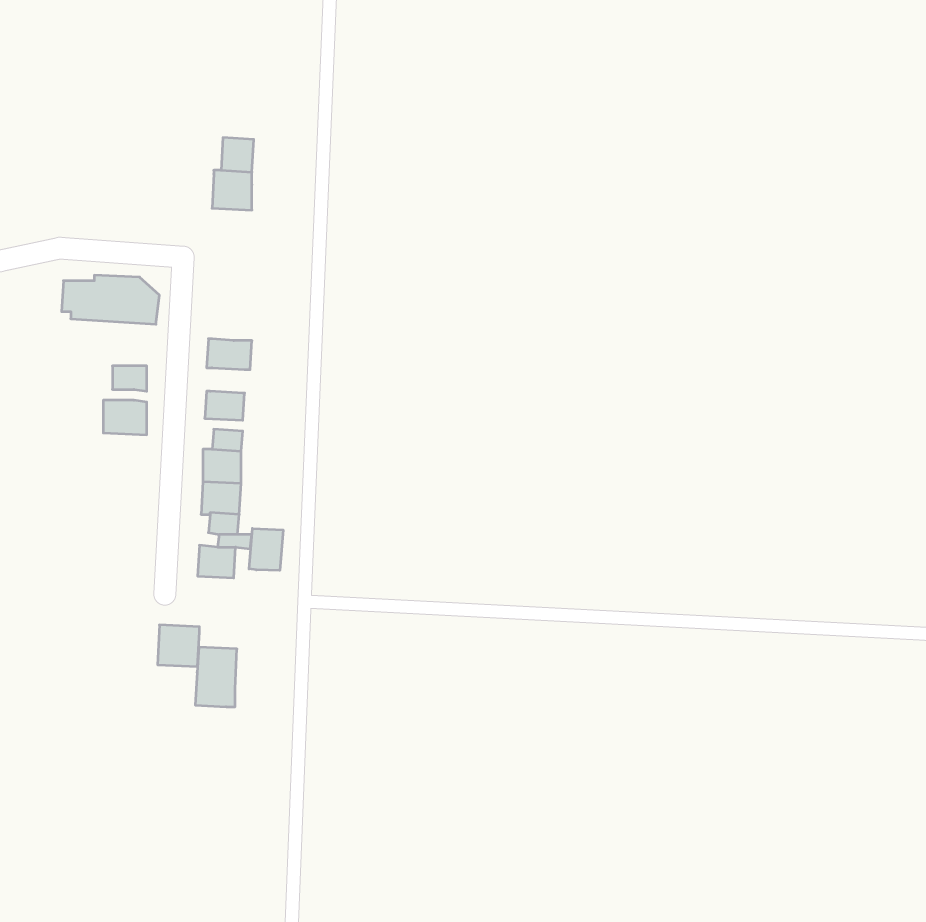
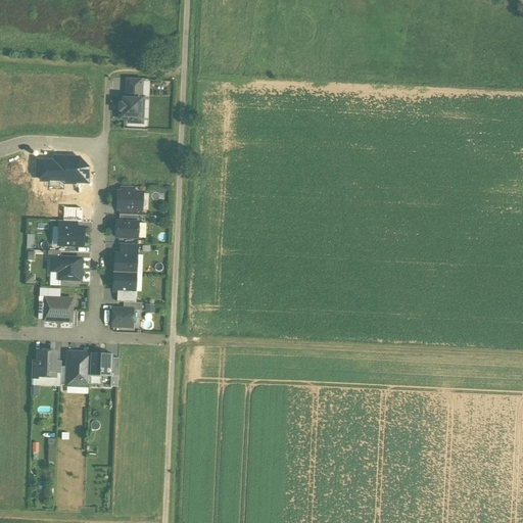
building: none -> [50,256,81,280]
building: none -> [44,297,73,321]
building: [249,528,283,570] -> none
building: none -> [37,350,55,376]
building: [195,647,237,707] -> [66,351,90,385]

